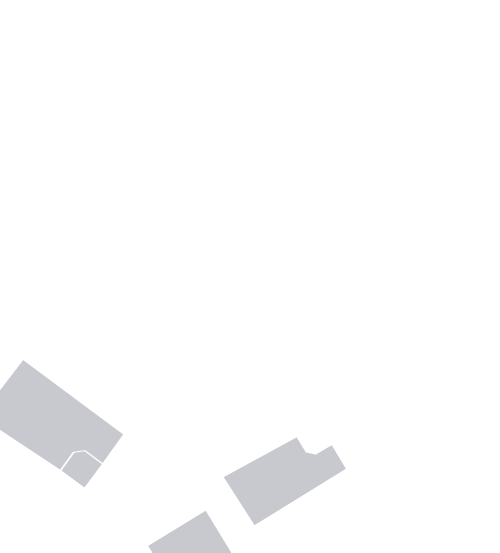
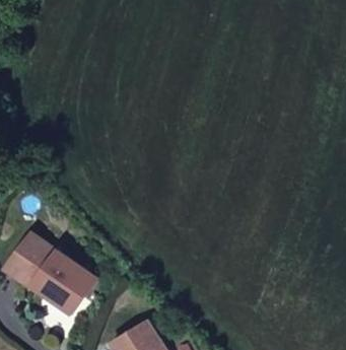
building: [223,436,347,526] -> none

